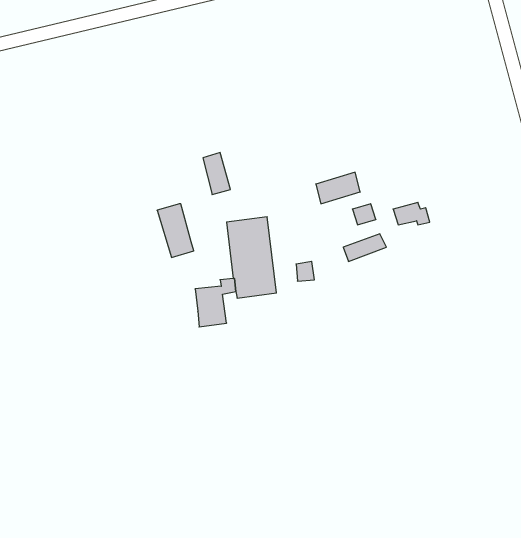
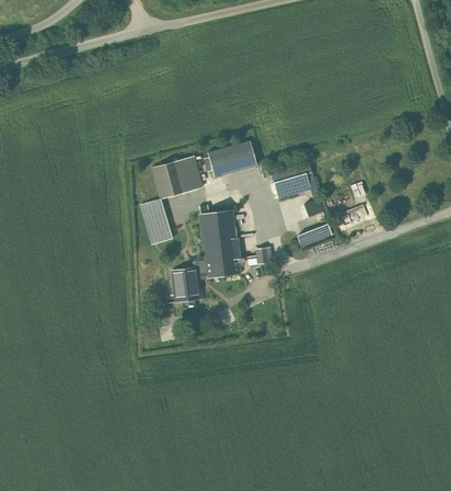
building: none -> [208,140,257,176]
building: none -> [152,160,187,198]

